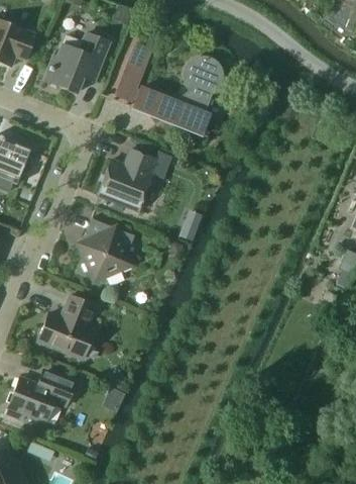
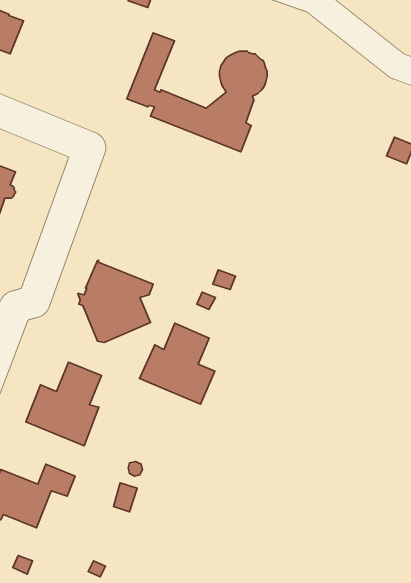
building: [43,32,109,93] -> none
building: [97,149,154,211] -> none
building: none -> [140,323,215,404]

